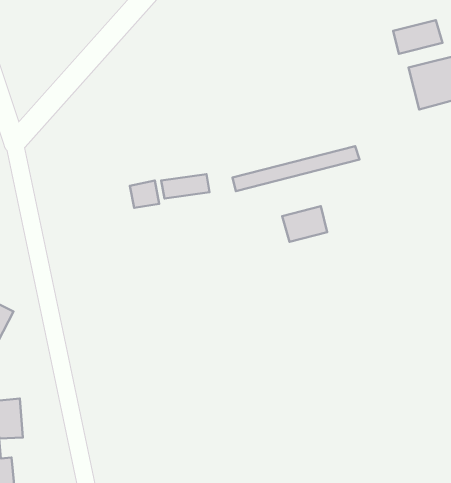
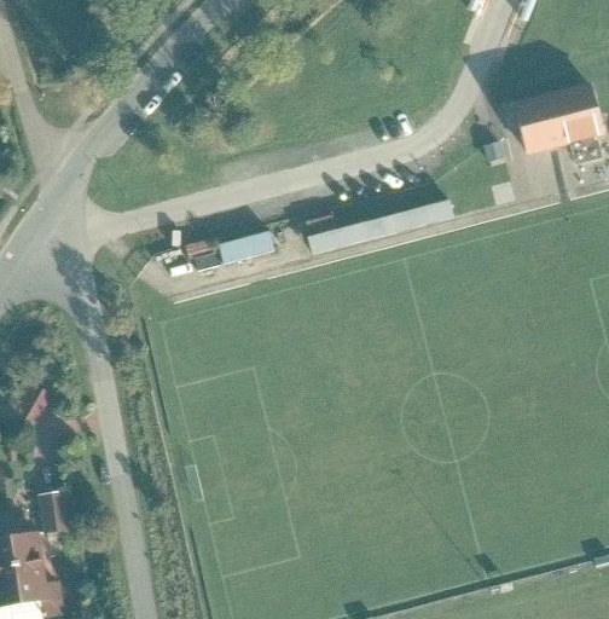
building: [393,20,443,54] -> none
building: [282,206,327,242] -> none

